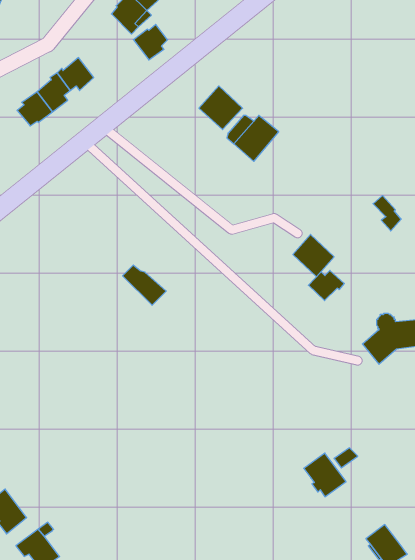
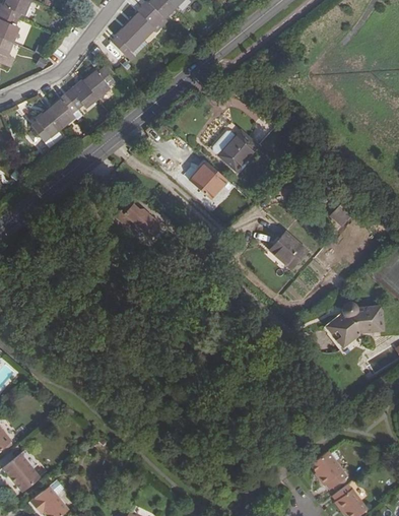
building: [133,24,168,60] -> [83,68,113,99]
building: [199,86,243,130] -> [188,162,225,199]
building: [123,265,166,305] -> [124,203,161,238]
building: [308,270,344,301] -> none
building: [304,453,346,497] -> [310,451,346,489]

